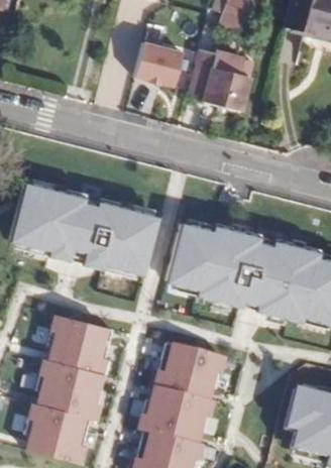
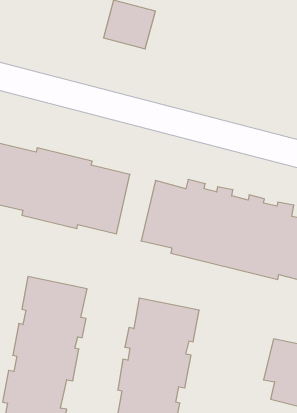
building: [202,52,252,111] -> none

